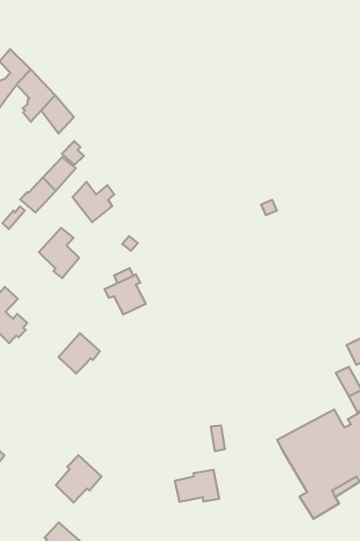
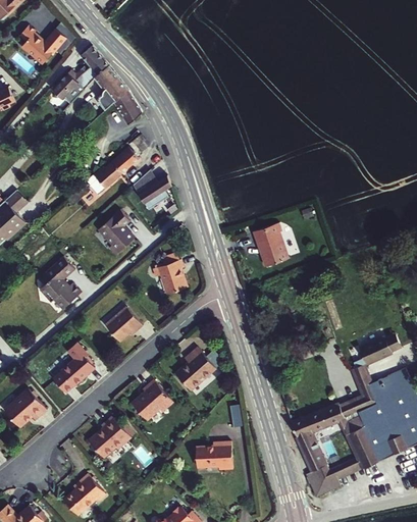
building: none -> [253,222,289,266]
building: none -> [175,349,215,392]
building: none -> [52,344,95,394]
building: none -> [132,381,172,420]

